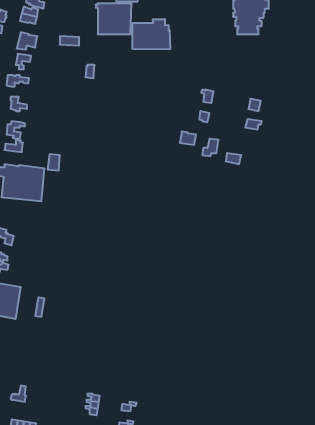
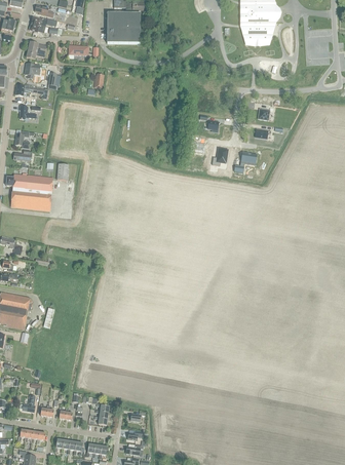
building: [133,19,170,49] -> none

